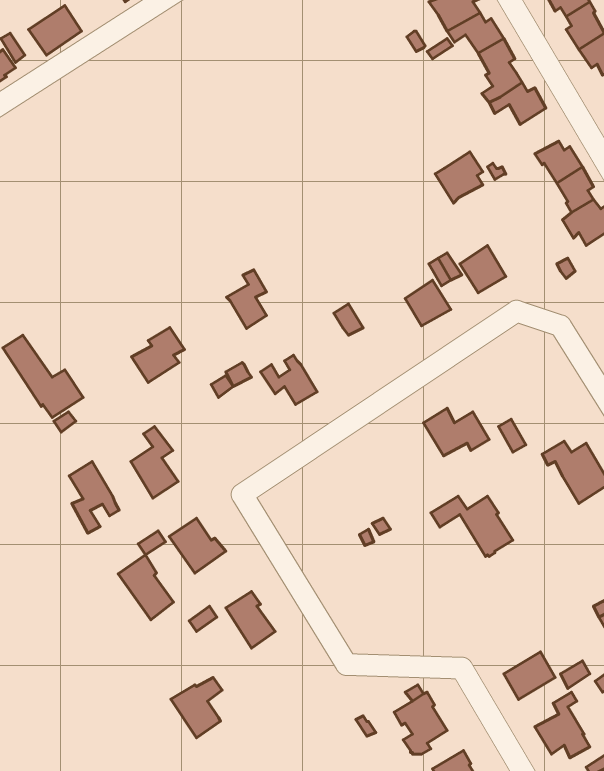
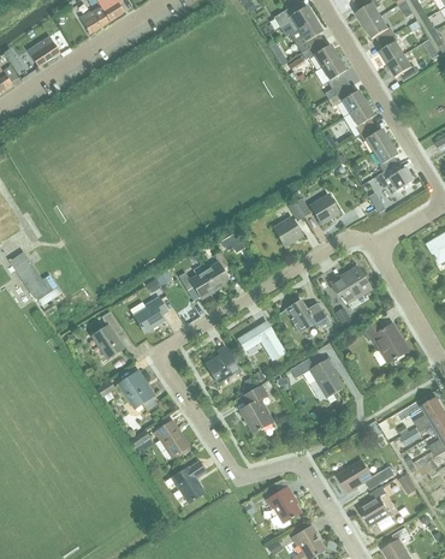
building: [435,152,483,203] -> [343,102,374,136]
building: [226,270,267,328] -> [202,250,229,289]
building: [132,328,185,382] -> [134,296,168,332]
building: none -> [330,266,370,302]
building: none -> [237,321,284,358]
building: [69,462,119,533] -> none
building: none -> [206,345,238,381]
building: none -> [239,386,272,432]
building: [118,555,174,620] -> none
building: [171,677,222,738] -> [172,462,206,501]

